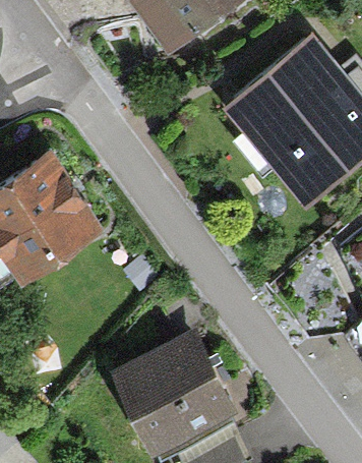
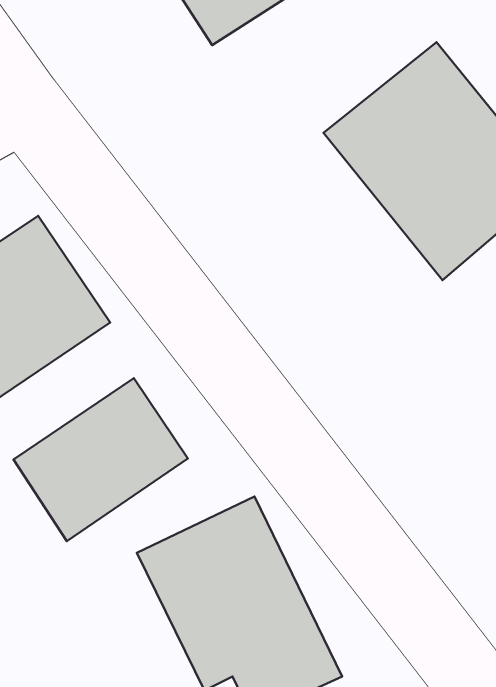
building: none -> [13,378,188,541]

